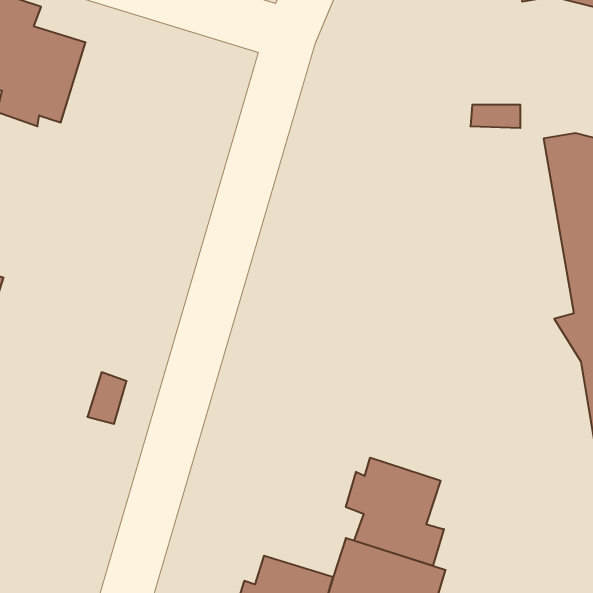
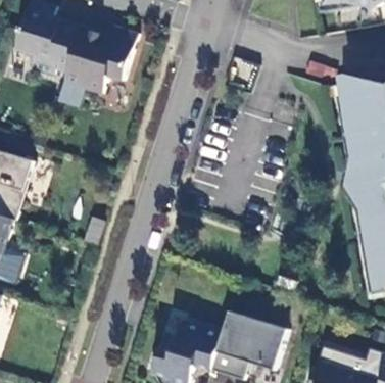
building: none -> [62,26,136,93]
building: [346,458,444,566] -> none

